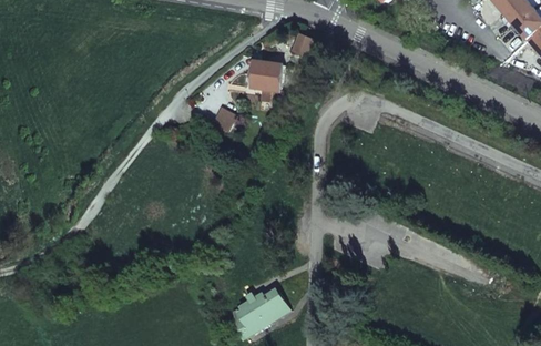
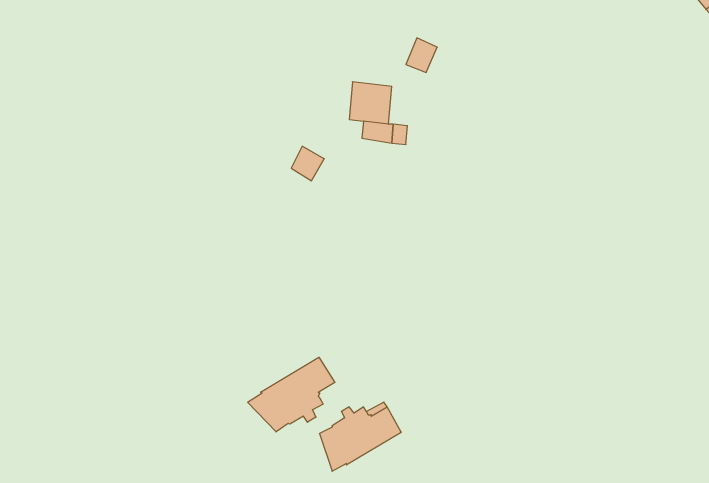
building: none -> [248,357,335,432]

